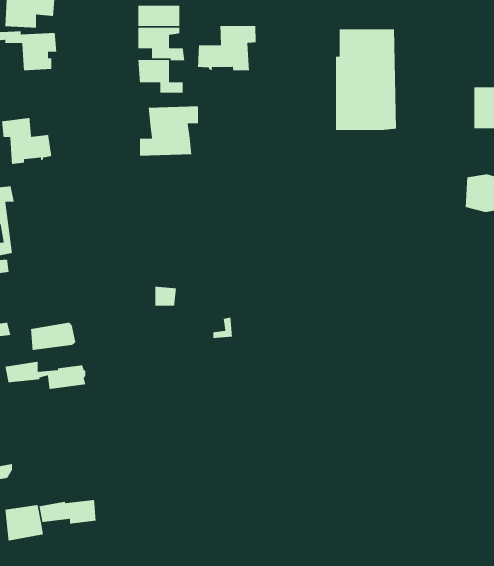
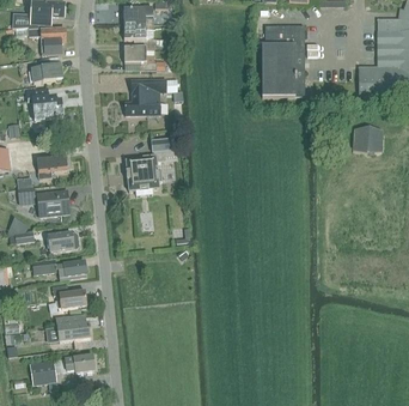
building: [197,25,257,71] -> none
building: none -> [32,56,63,83]
building: none -> [126,137,173,189]
building: none -> [36,153,71,176]
building: none -> [36,189,69,214]
building: none -> [53,284,87,308]
building: none -> [56,314,91,341]

